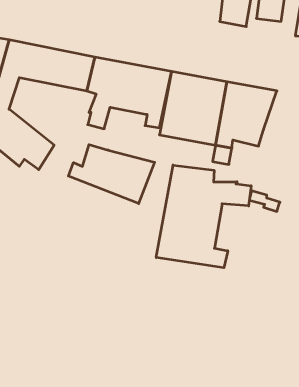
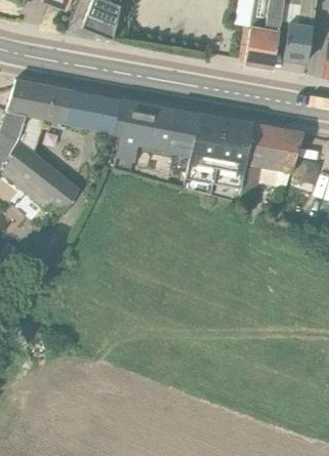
building: none -> [291,158,321,191]
building: [68,145,155,204] -> none
building: [156,165,251,268] -> none

